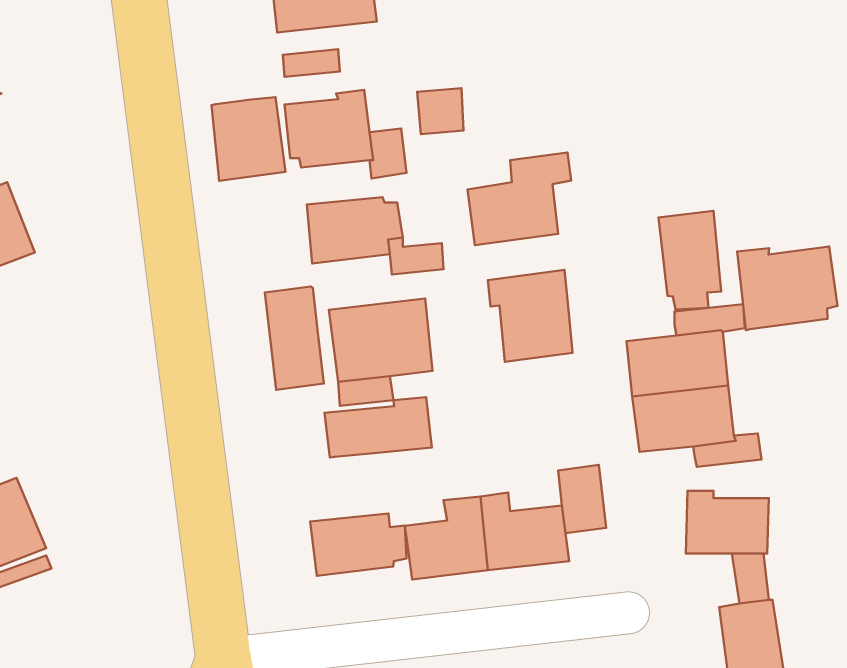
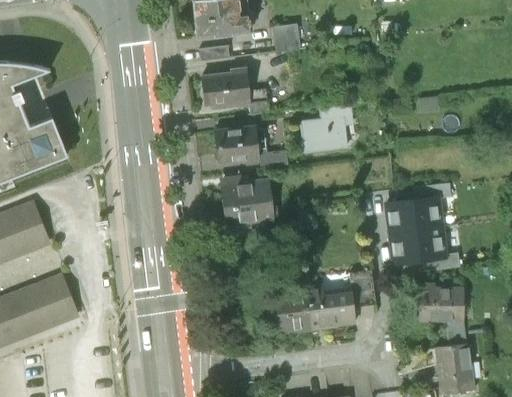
building: [417,88,463,134] -> [273,25,298,50]
building: [212,97,285,181] -> none
building: [658,211,721,310] -> none
building: [737,246,837,330] -> none
building: [488,270,573,362] -> none
building: [265,286,324,390] -> none
building: [325,397,432,457] -> none
building: [310,513,407,576] -> none

